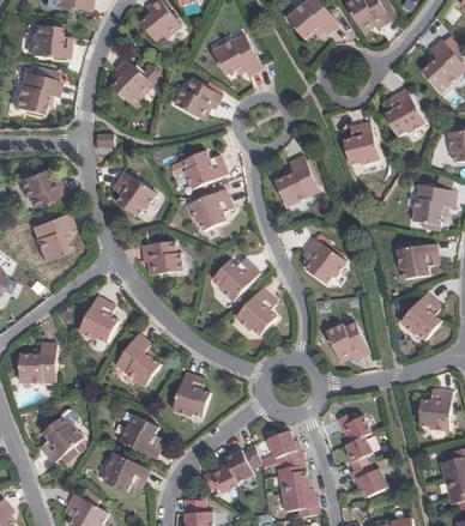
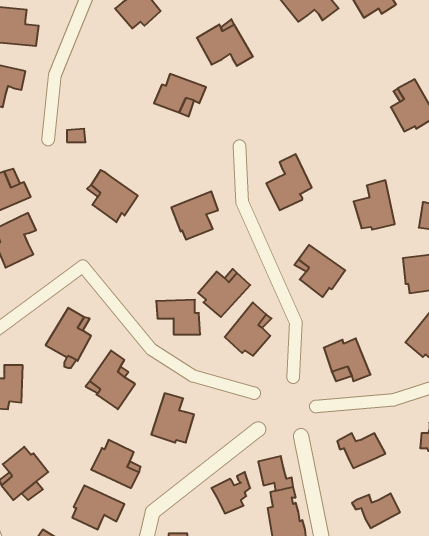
building: [110,61,159,105] -> none
building: [343,122,380,167] -> [353,180,395,230]
building: [171,151,228,191] -> none
building: [145,246,185,277] -> [156,300,200,334]
building: [346,428,382,466] -> none
building: [204,464,238,490] -> none

